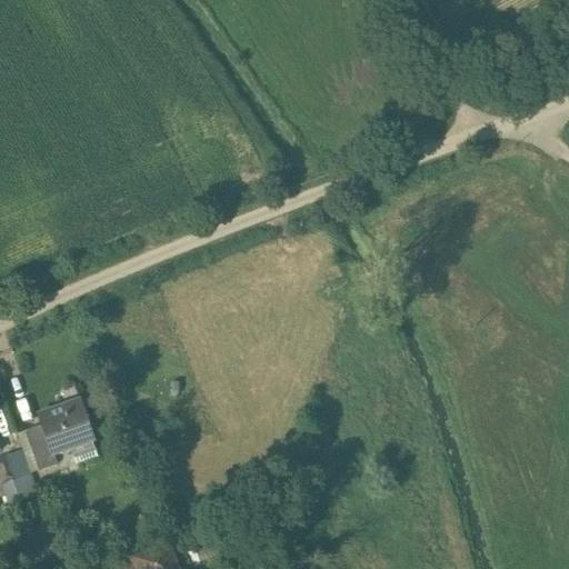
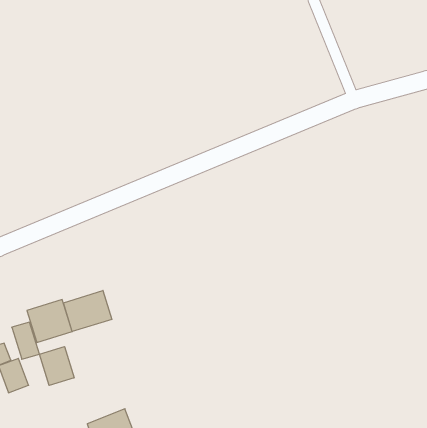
building: none -> [63,290,112,332]
building: none -> [39,347,74,385]

